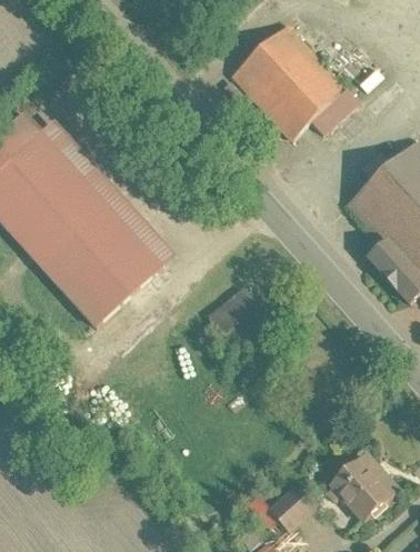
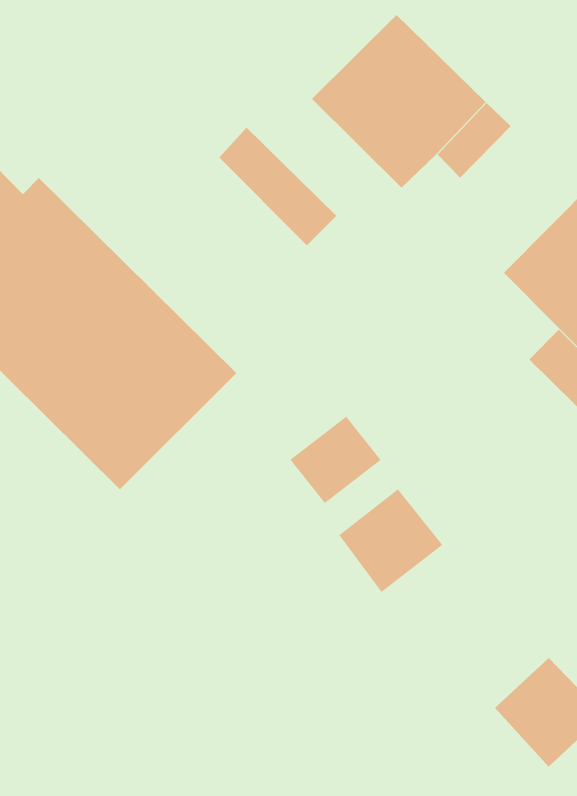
building: none -> [218,127,337,246]
building: none -> [338,489,443,593]
building: [270,485,318,531] -> none

